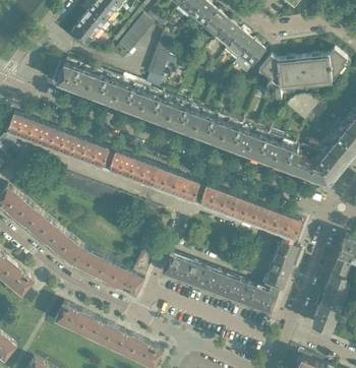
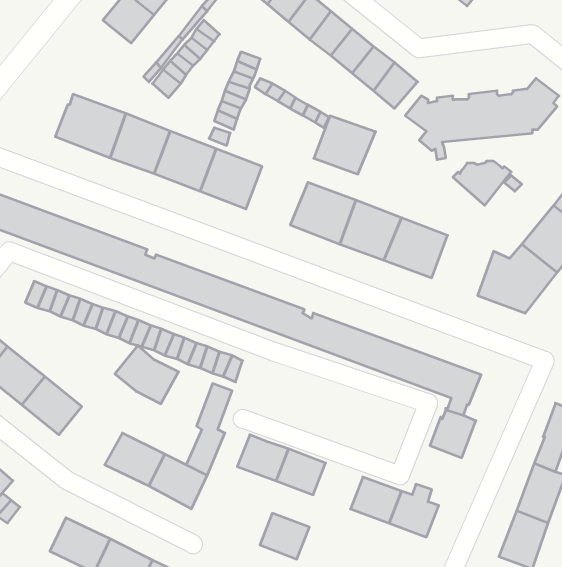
building: [71,16,101,47] -> none
building: [167,101,202,134] -> [314,116,376,174]
building: [274,140,309,175] -> none
building: [59,239,96,272] -> [115,345,179,404]
building: [264,261,291,296] -> none
building: [205,271,234,298] -> [260,513,309,559]

